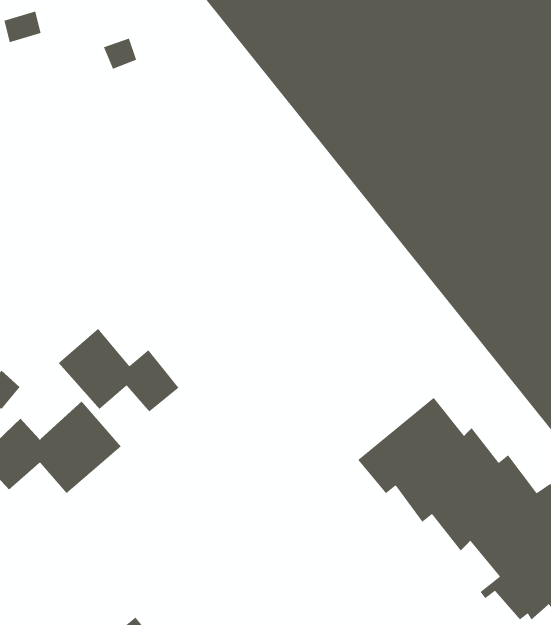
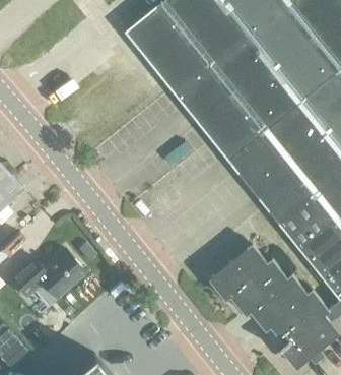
building: [58,328,180,413] -> none

